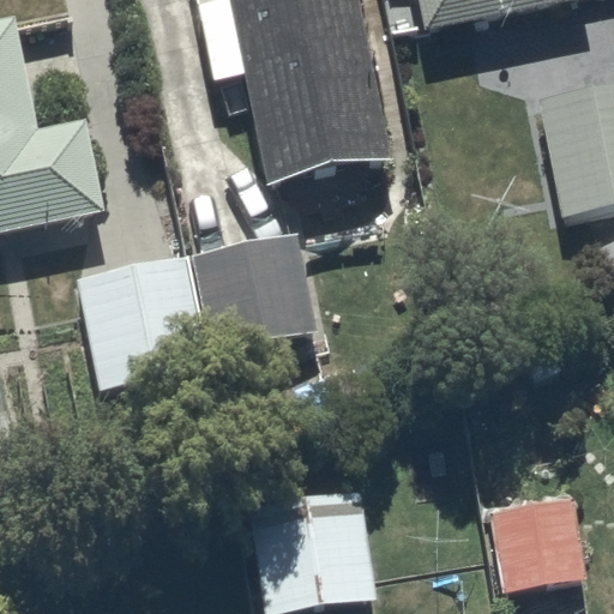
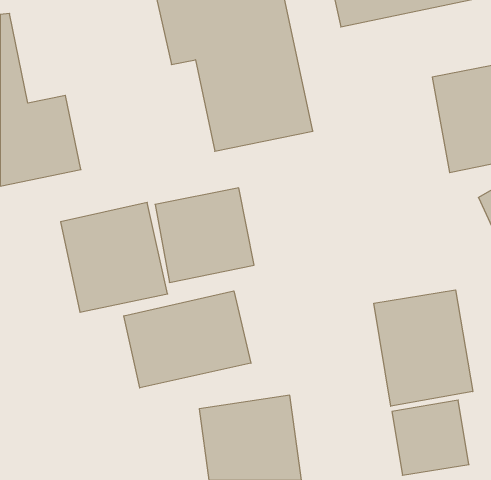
building: none -> [374,290,473,406]
building: none -> [124,291,251,388]

